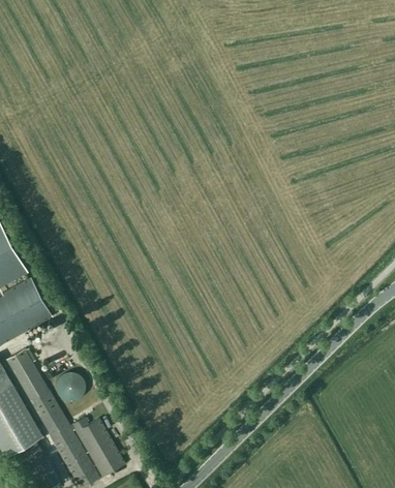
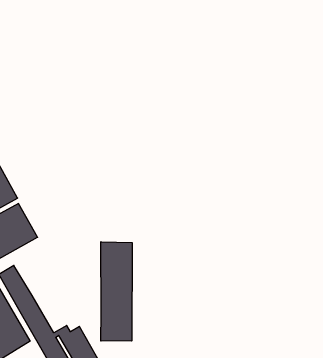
building: none -> [101,242,132,341]
building: [56,372,86,401] -> none

